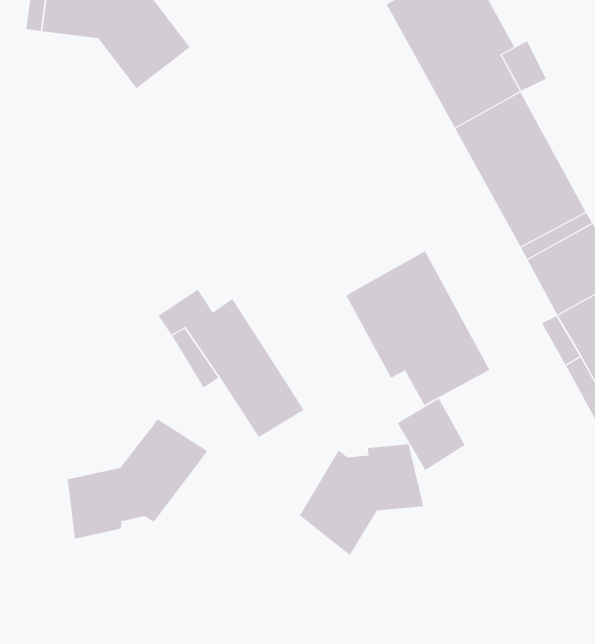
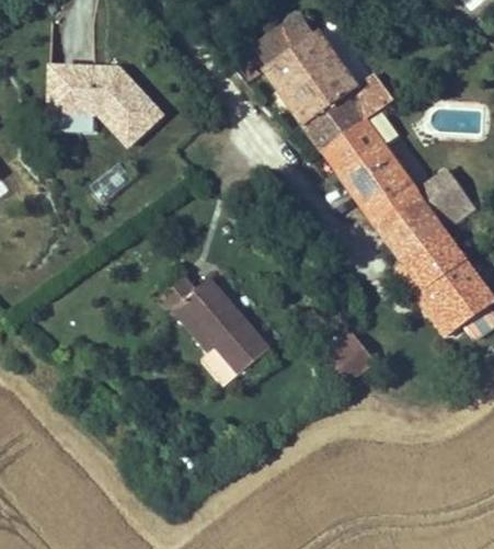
building: [346,251,490,406] -> none
building: [67,419,208,539] -> none
building: [299,443,424,556] -> none

